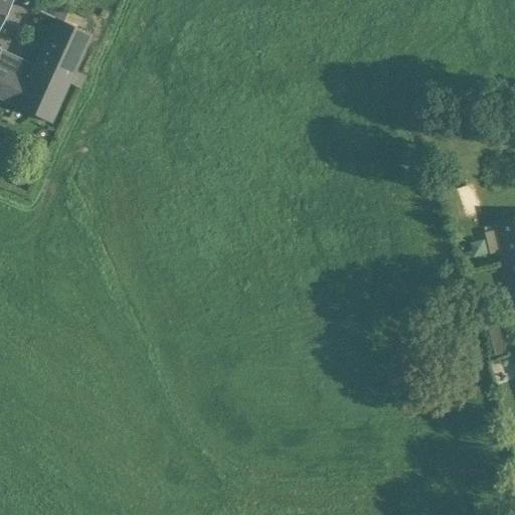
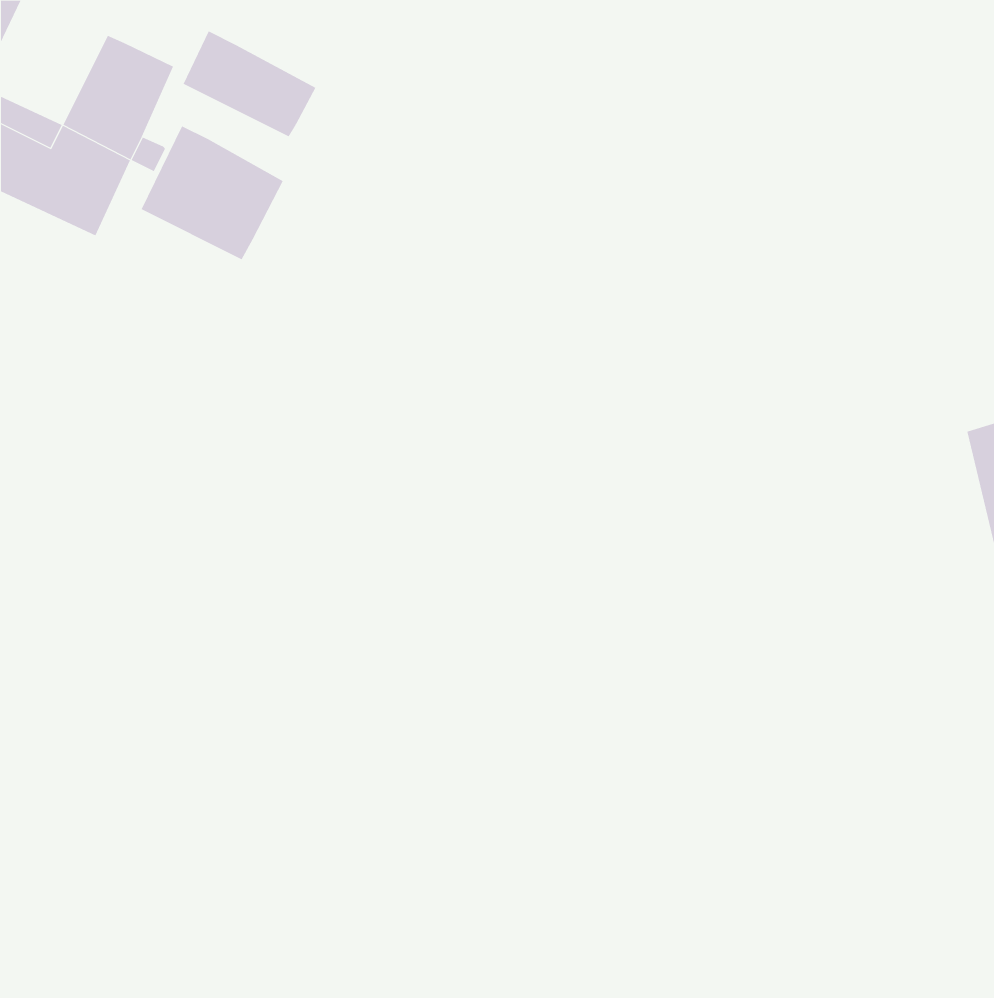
building: none -> [183,31,316,137]
building: none -> [141,125,283,260]

